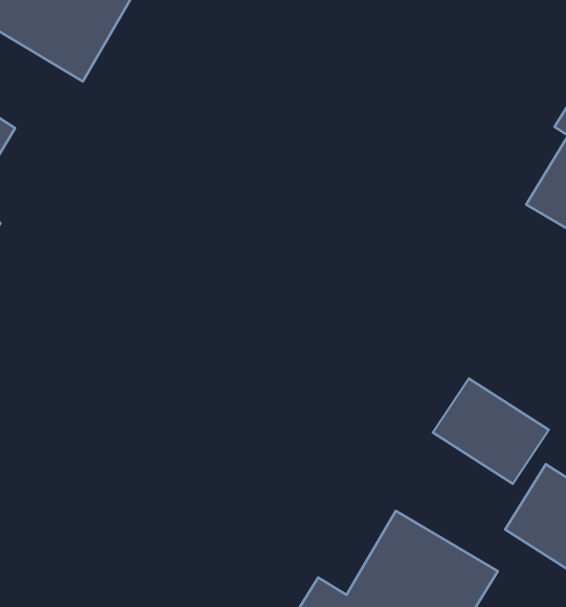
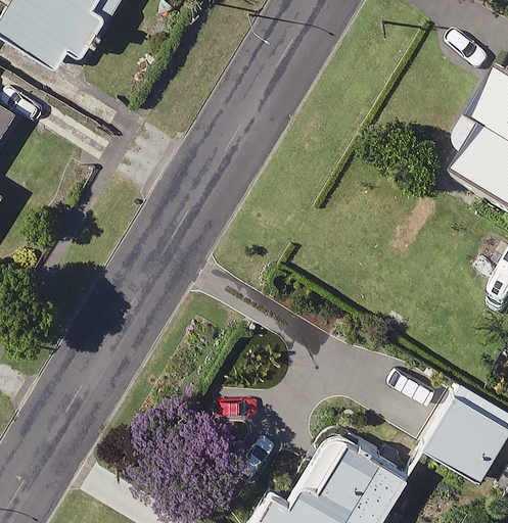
building: [433,378,549,484] -> none

